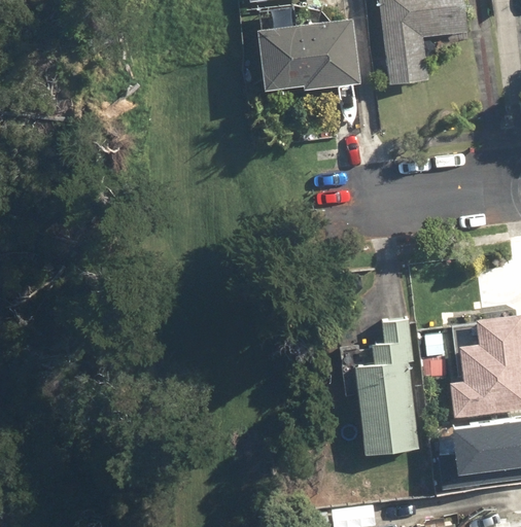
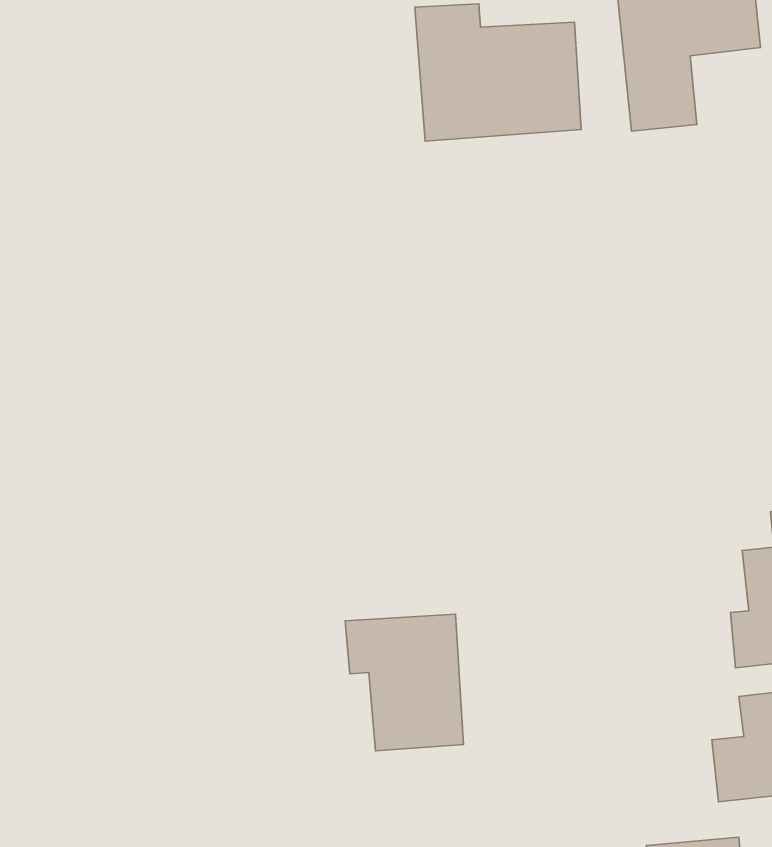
building: [340,317,417,455] -> none
building: none -> [345,614,463,751]

